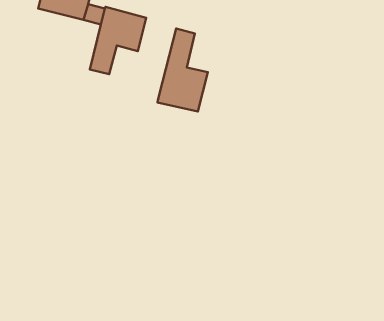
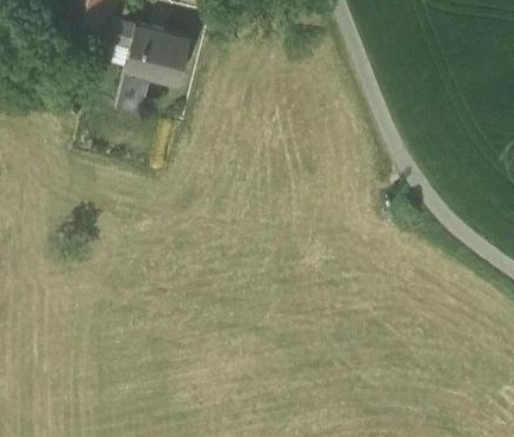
building: [158,29,208,111] -> none

